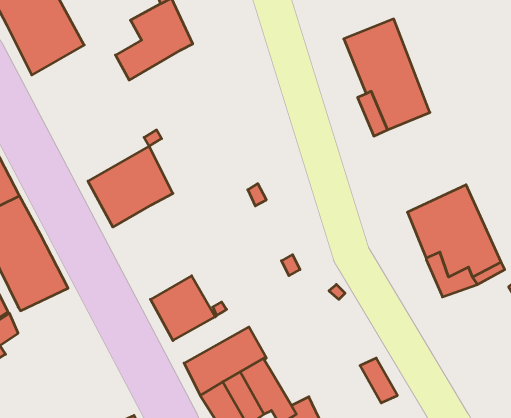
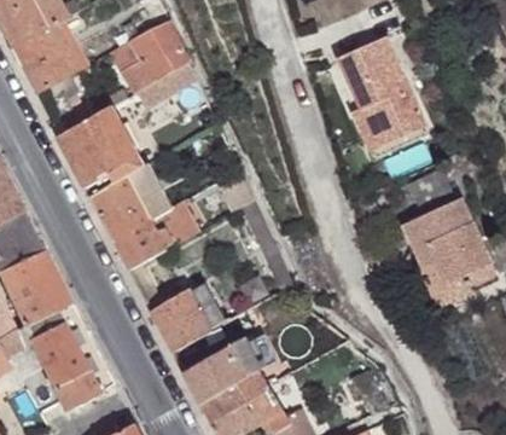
building: none -> [59,69,184,188]
building: none -> [114,219,205,269]
building: none -> [24,300,112,418]

